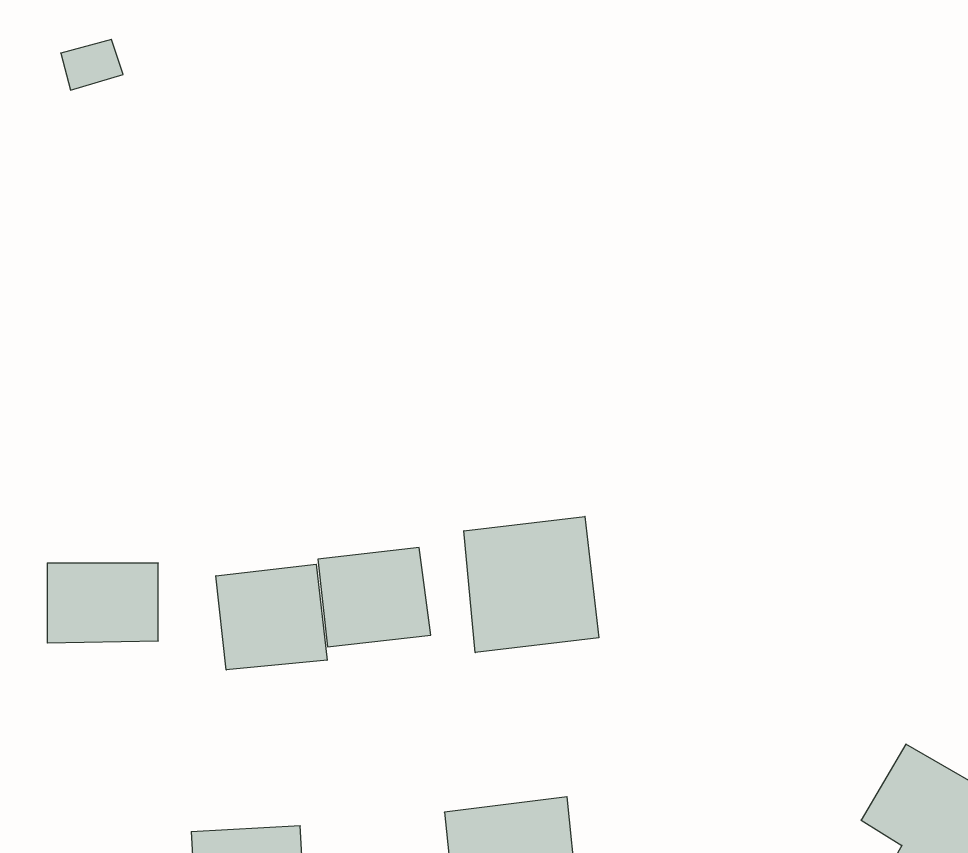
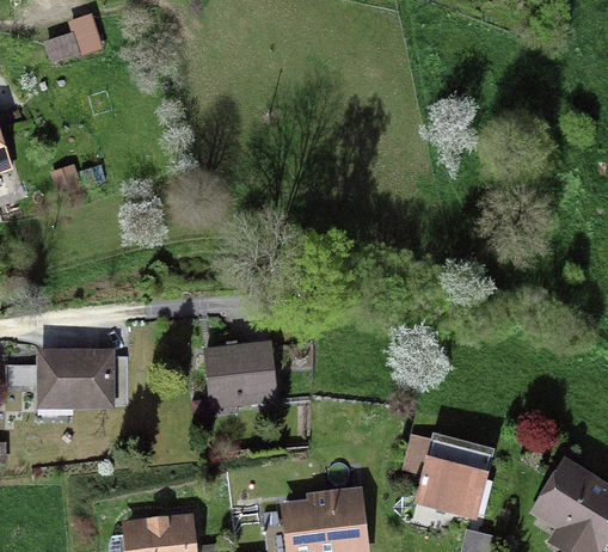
building: [464,516,599,653] -> none
building: [216,564,327,670] -> none
building: none -> [420,440,490,513]

